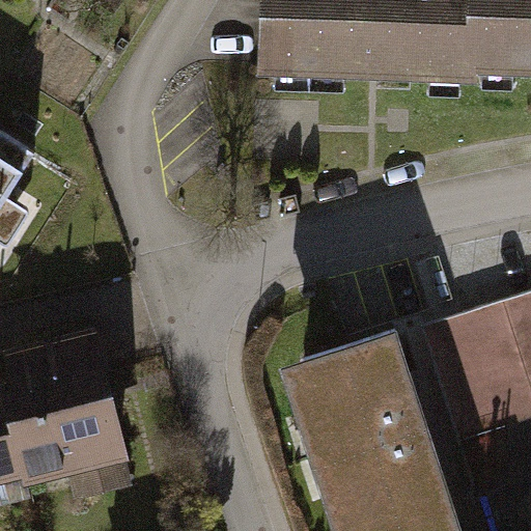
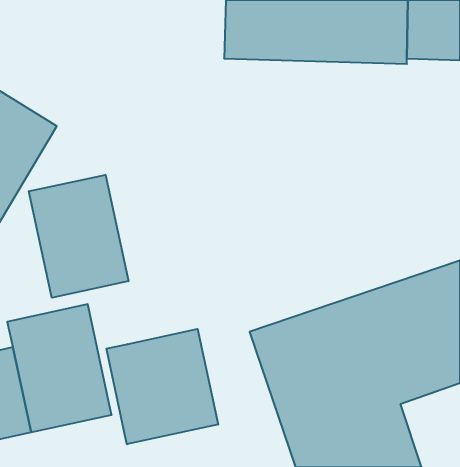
building: none -> [29,175,128,298]
building: none -> [106,329,218,444]

